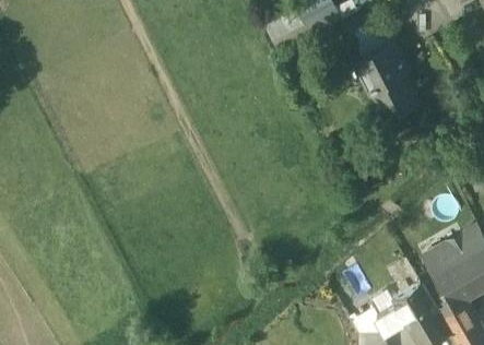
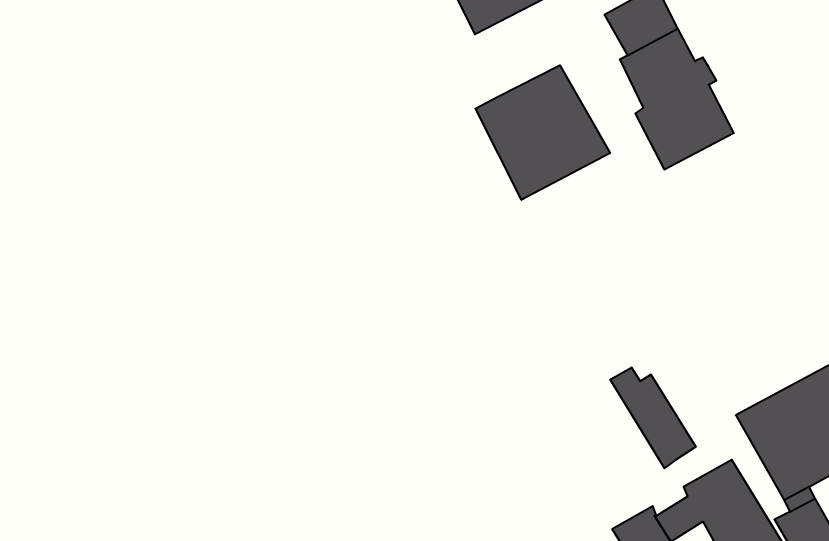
building: none -> [475,65,610,200]
building: none -> [610,367,696,468]

